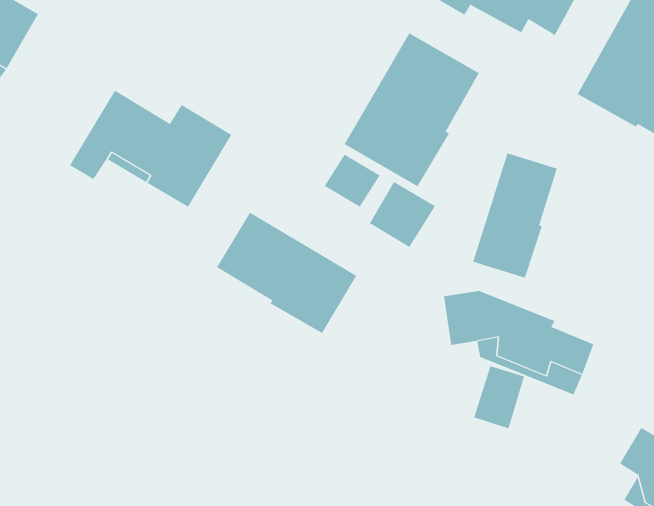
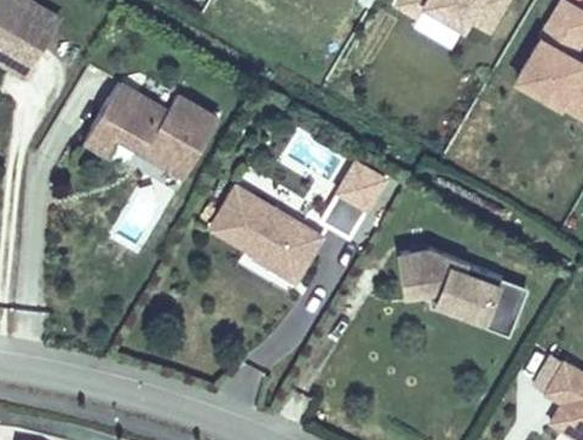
building: [344,32,480,187] -> none
building: [472,153,558,279] -> none
building: [324,154,380,208] -> [321,192,368,237]
building: [473,365,525,429] -> none

